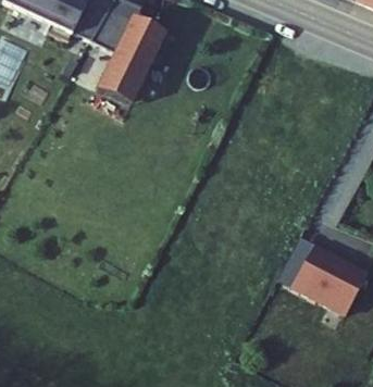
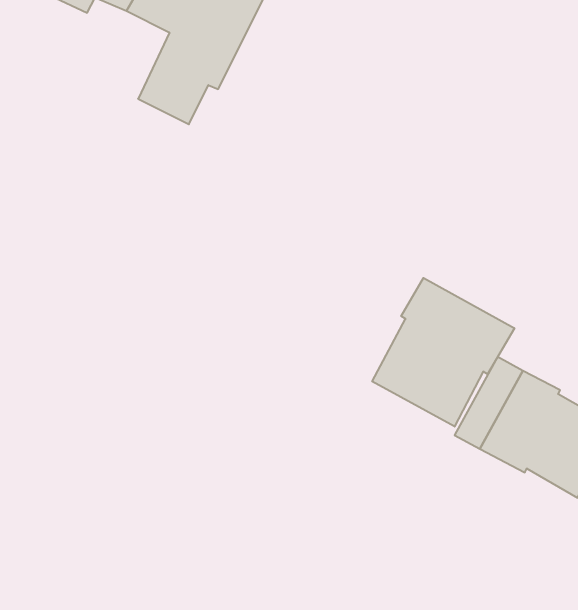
building: none -> [372,278,514,427]

